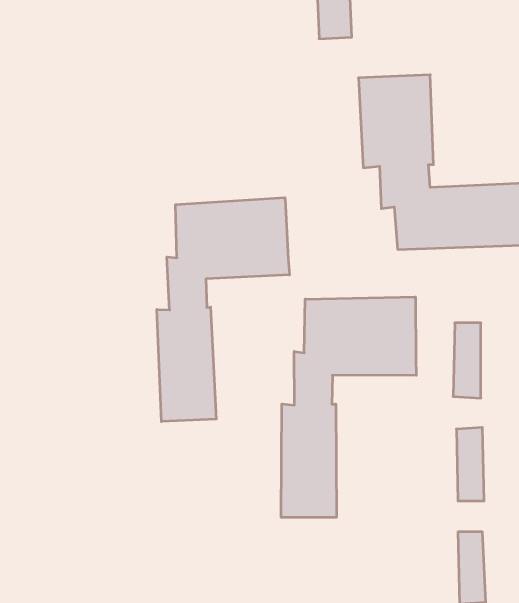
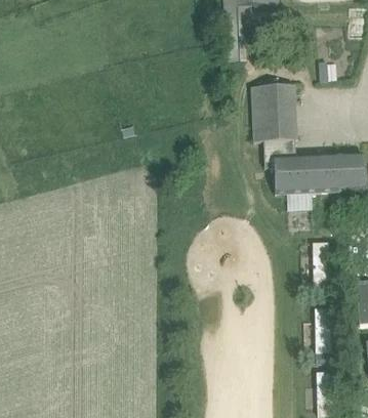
building: [157,198,289,422] -> none
building: [281,297,416,517] -> none

